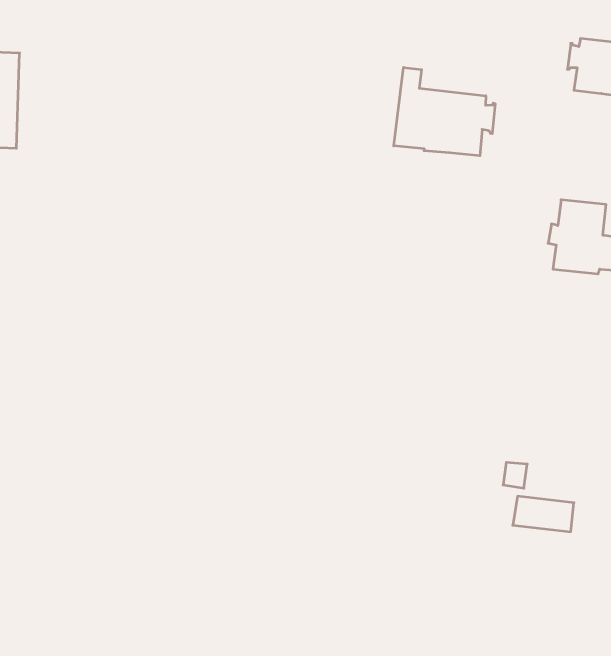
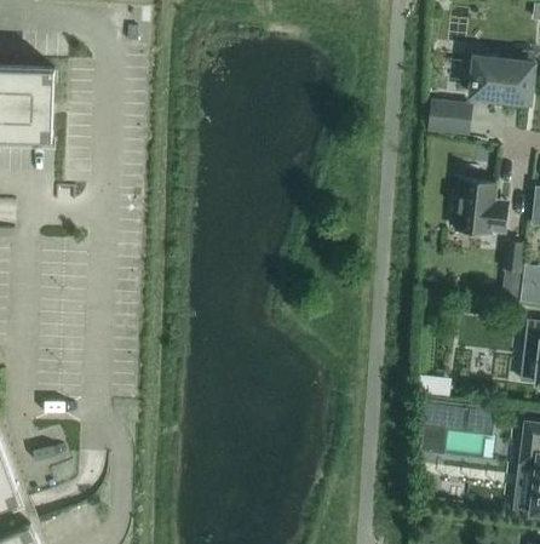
building: [394,67,495,156] -> none
building: none -> [429,101,471,136]

